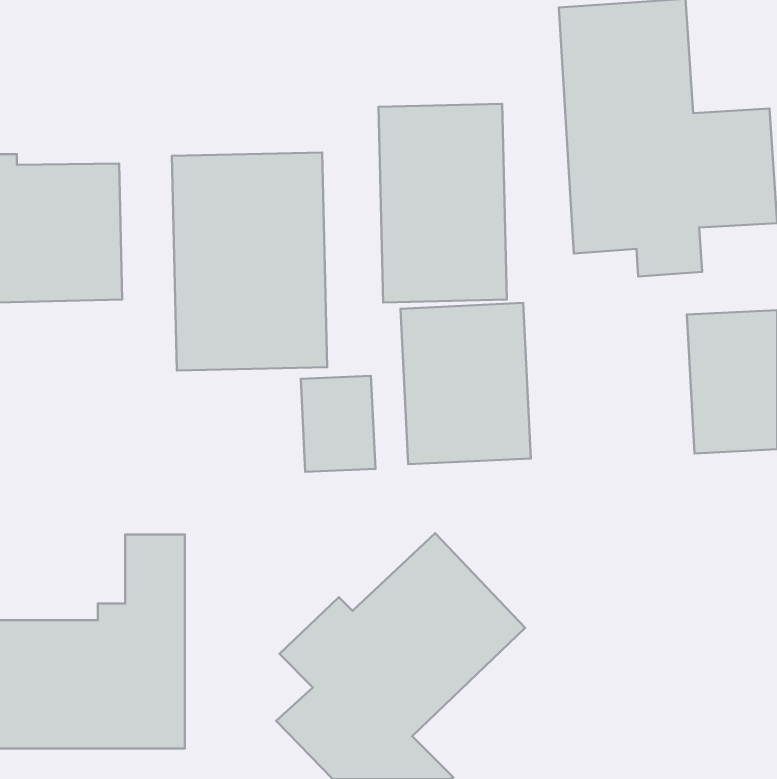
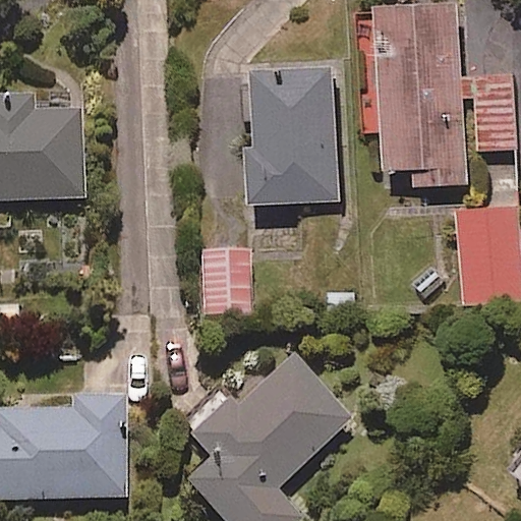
building: [172,152,327,371] -> none
building: [400,303,531,464] -> none

